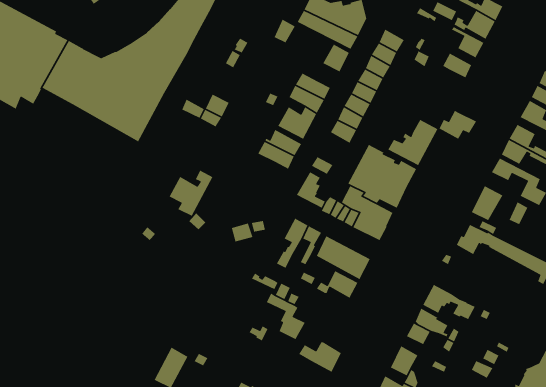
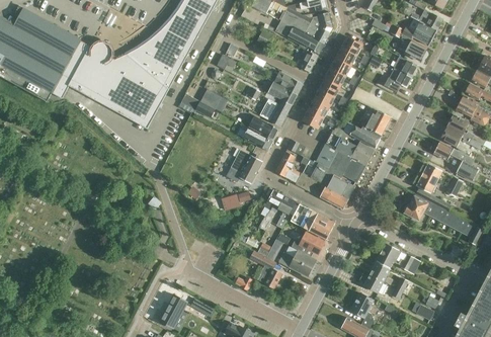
building: [438,110,477,140] -> [381,68,412,92]
building: [168,169,213,217] -> [232,145,268,183]
building: [298,342,342,373] -> [279,251,315,276]

